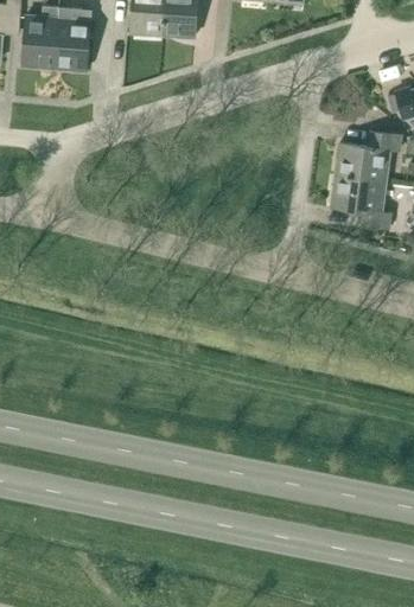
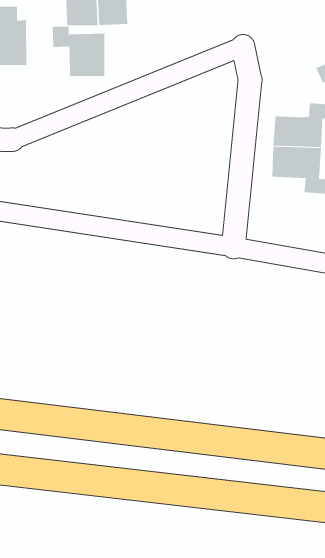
building: none -> [52,26,105,77]

